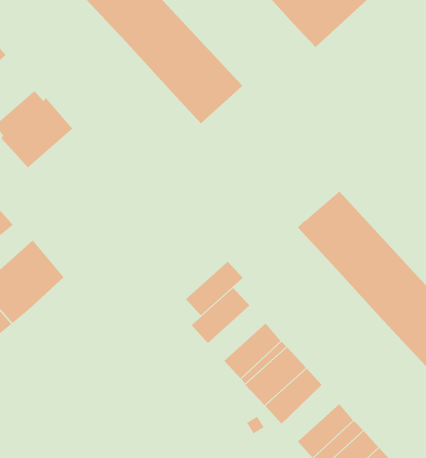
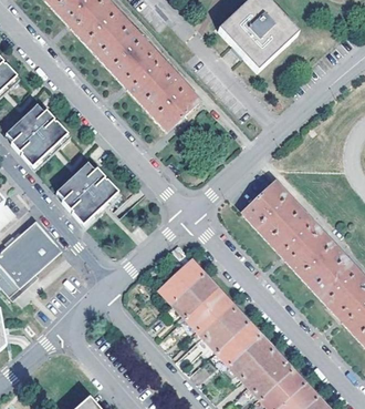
building: none -> [55,162,118,224]
building: [185,261,243,316] -> [171,272,217,315]
building: none -> [229,334,274,378]

